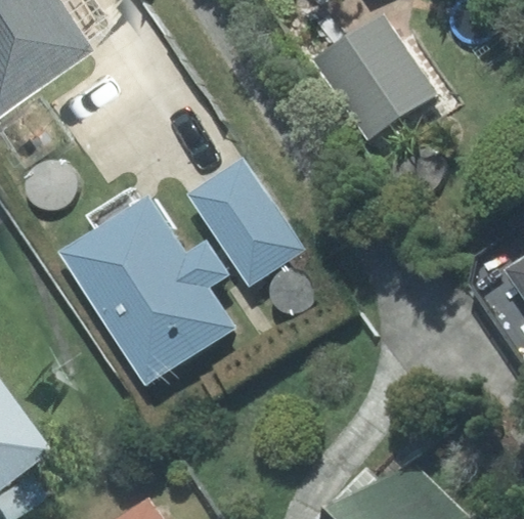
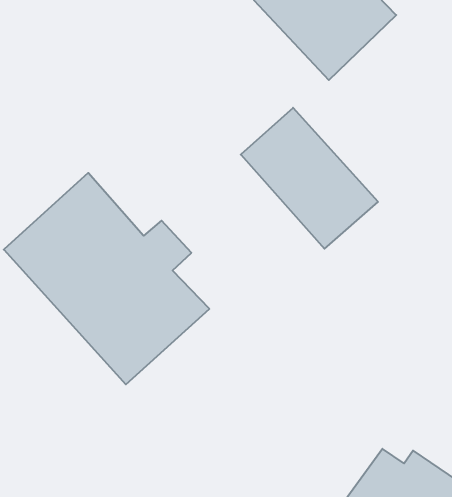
building: [190,160,305,287] -> [241,108,378,249]

